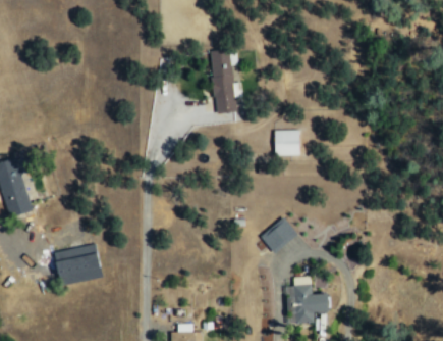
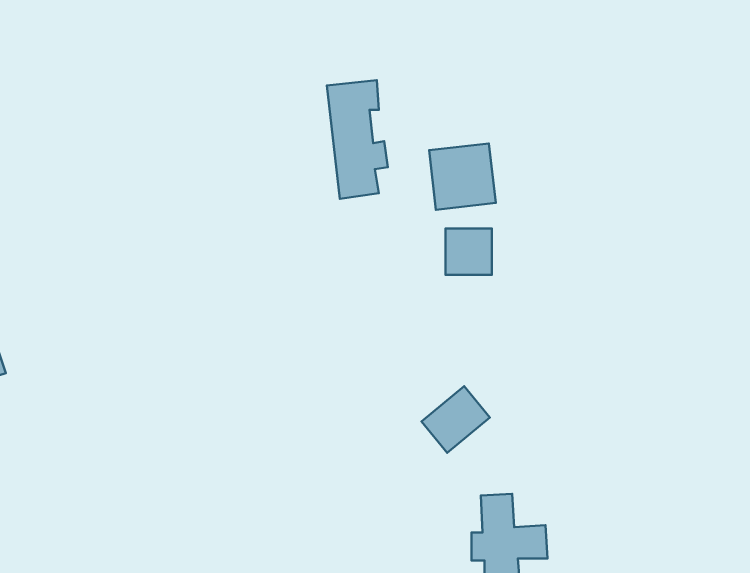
building: none -> [429,143,496,210]
building: [56,245,101,285] -> none

